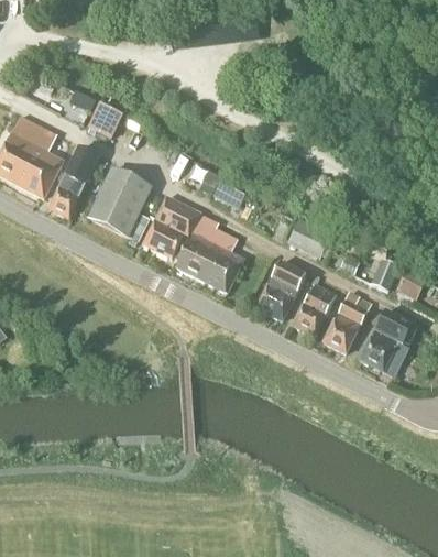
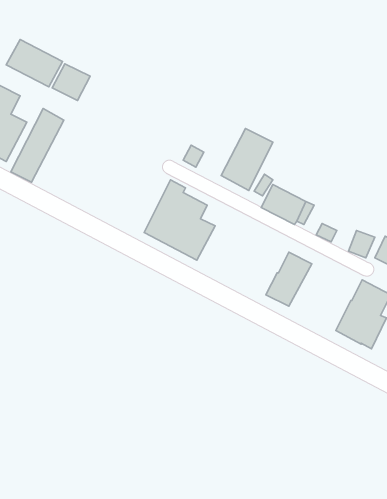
building: [87,166,153,241] -> none
building: [143,196,200,258] -> none
building: [256,261,306,320] -> [221,128,273,191]
building: [324,292,371,352] -> none

